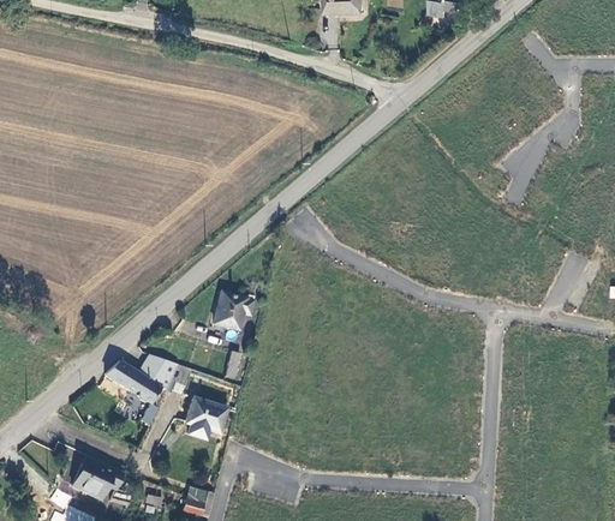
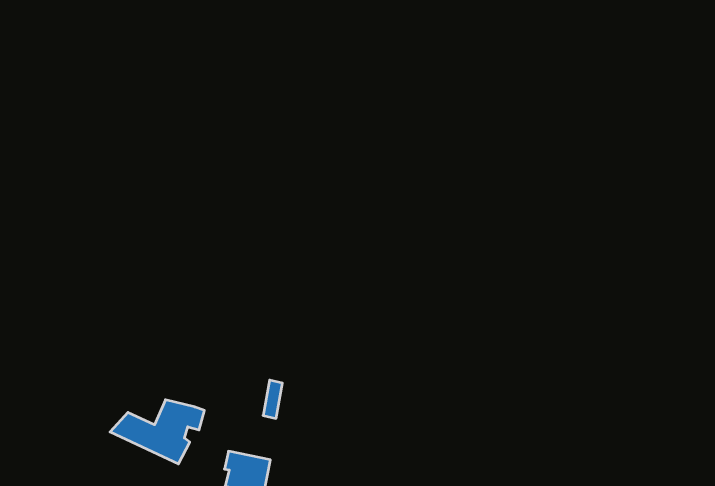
building: [210,297,252,337] -> none

